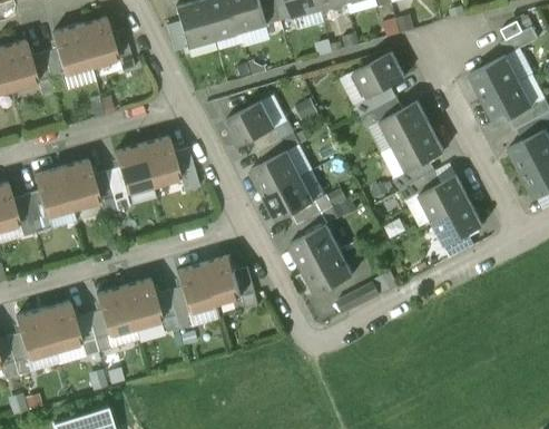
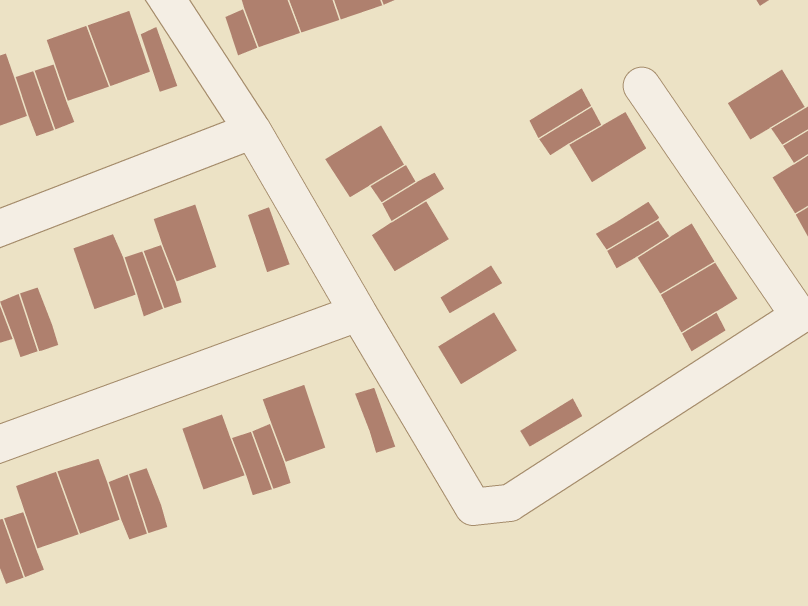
building: [354,52,405,98] -> none
building: [469,57,519,101] -> none
building: [393,127,443,173] -> none
building: [140,137,179,186] -> none
building: [32,168,71,216] -> none
building: [264,177,314,222] -> none
building: [302,251,353,295] -> none
building: [203,256,242,305] -> none
building: [95,287,134,335] -> none

